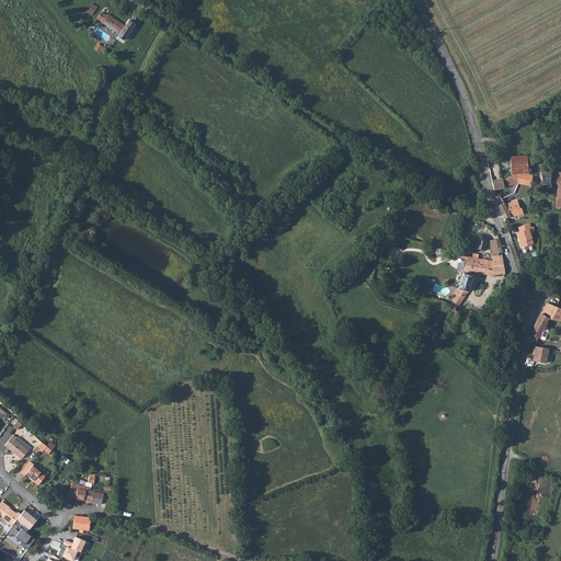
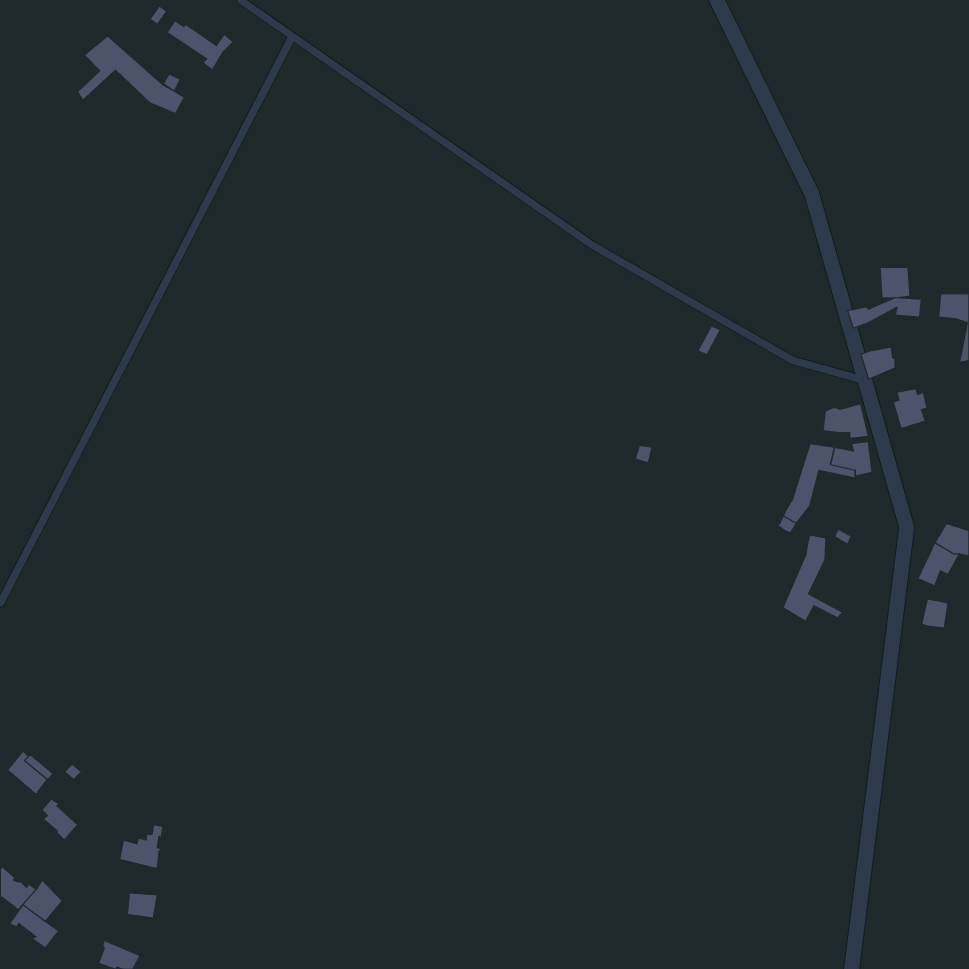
building: none -> [78,36,184,114]
building: none -> [783,535,843,621]

